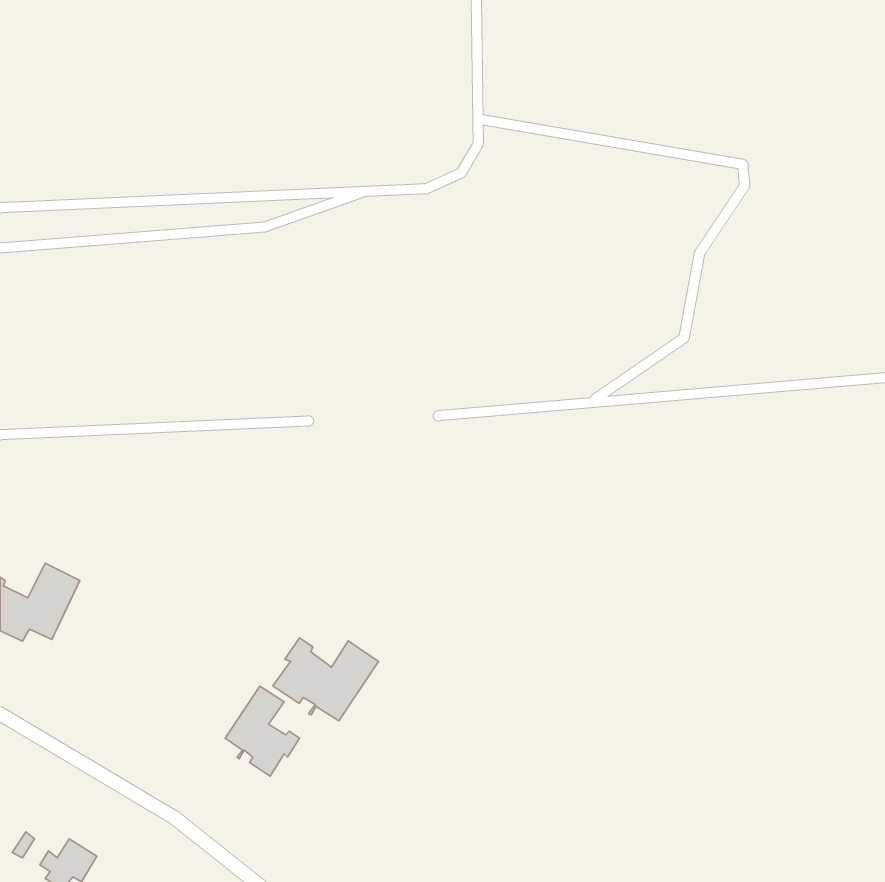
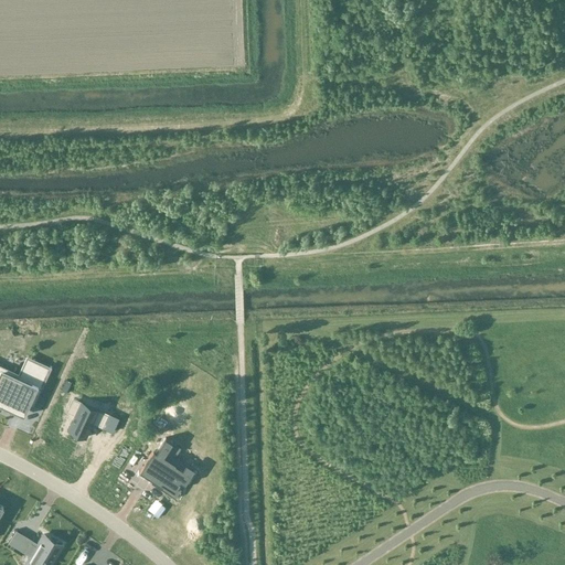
building: none -> [67,401,109,440]
building: [273,638,378,721] -> none

